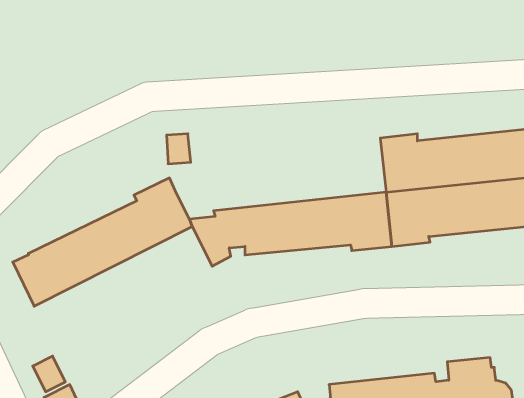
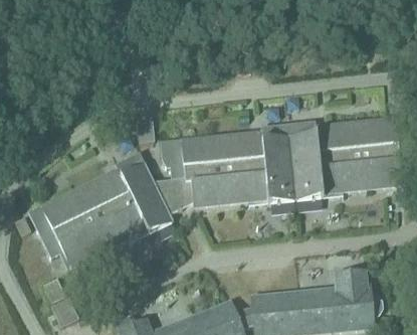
building: none -> [160,124,292,175]
building: none -> [44,186,174,269]

